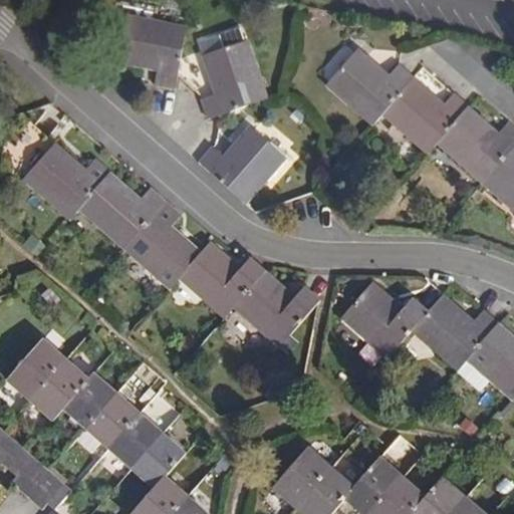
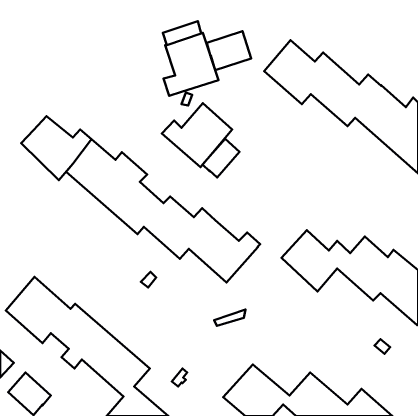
building: [116,14,187,88] -> none
building: none -> [207,31,251,70]
building: none -> [203,139,240,178]

